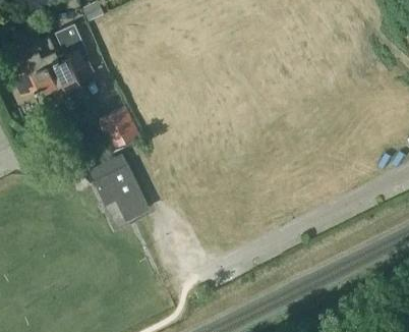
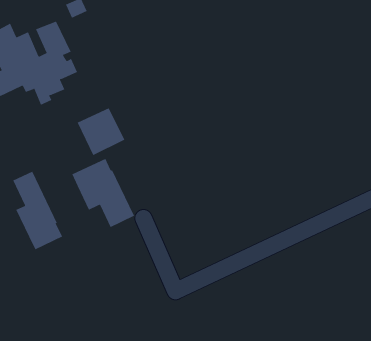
building: none -> [12,171,63,250]

